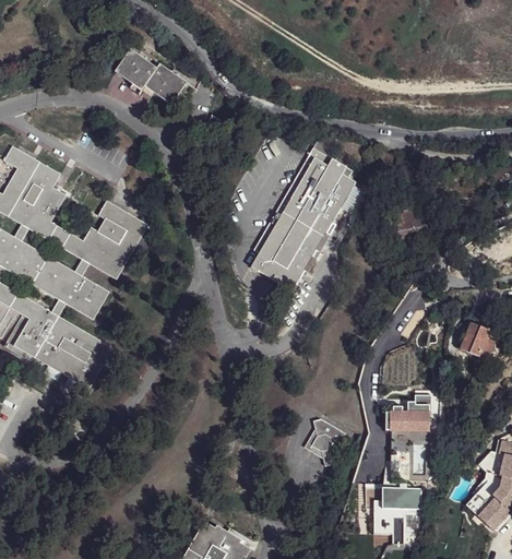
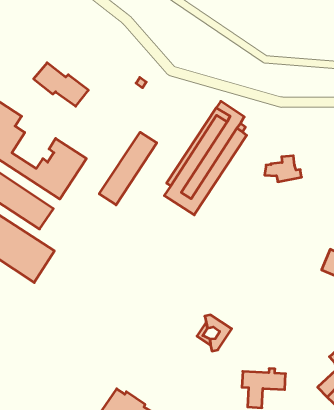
building: [115,49,187,104] -> [34,63,88,106]
building: none -> [99,132,157,205]
building: [384,396,431,433] -> none

